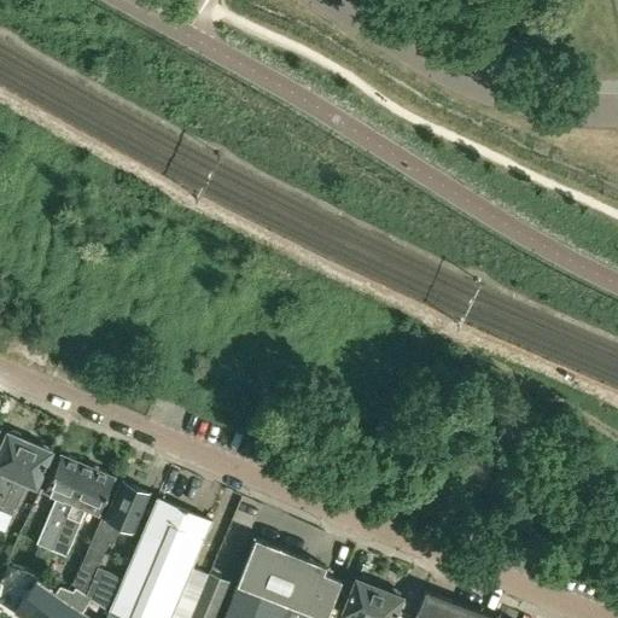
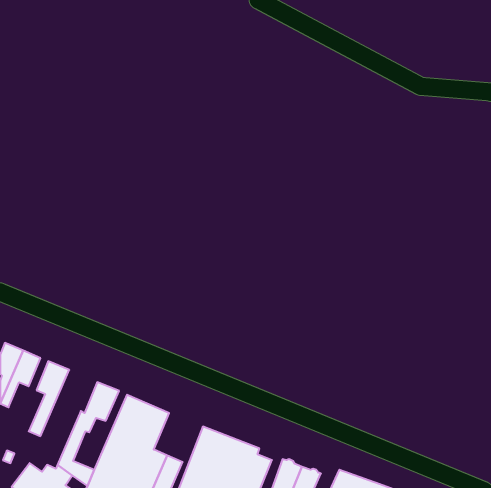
building: [51,468,115,559] -> none

